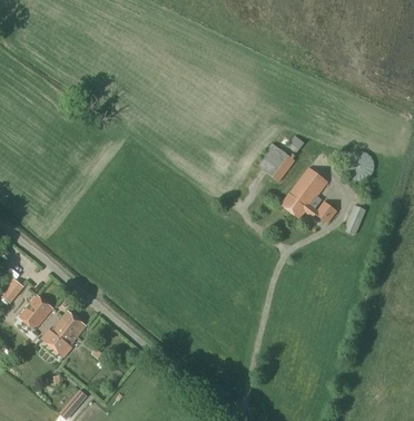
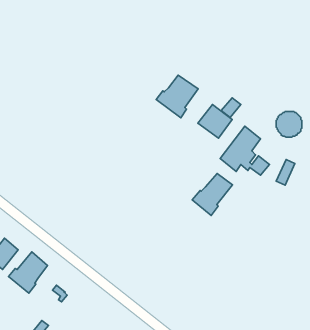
building: none -> [156,75,198,118]
building: none -> [192,173,232,215]

